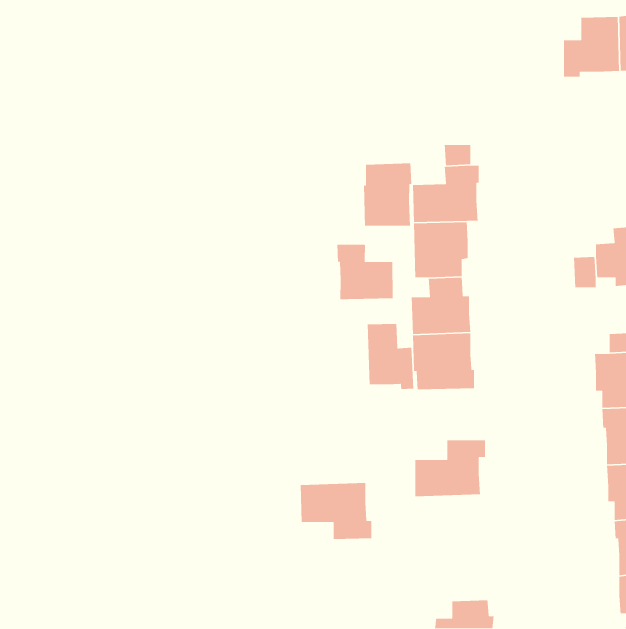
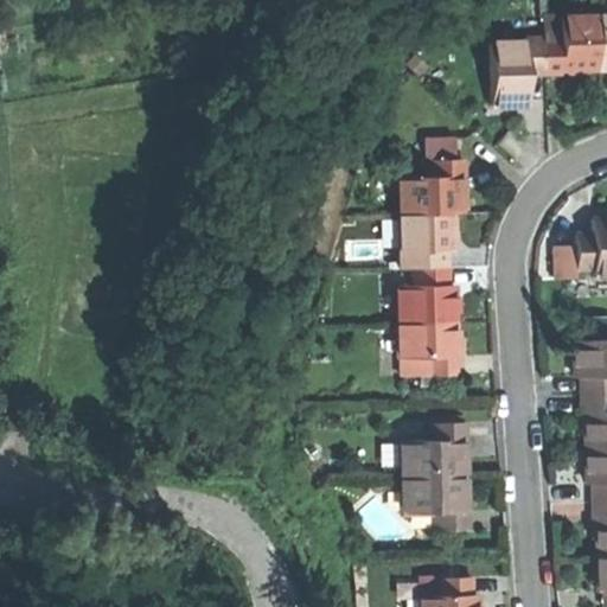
building: none -> [492,38,545,104]
building: [363,163,412,226] -> none
building: [336,244,393,300] -> none
building: [367,323,414,390] -> none
building: [300,482,372,540] -> [402,477,472,532]

